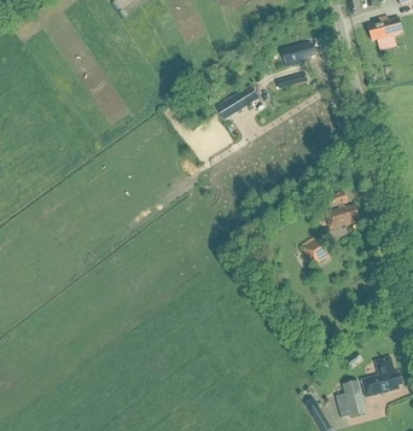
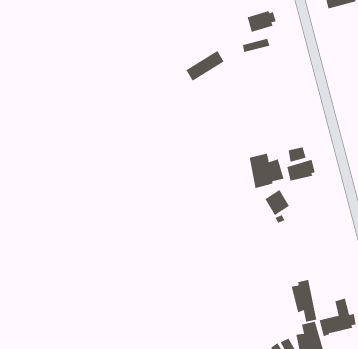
building: none -> [249,153,284,189]
building: none -> [291,279,317,323]

